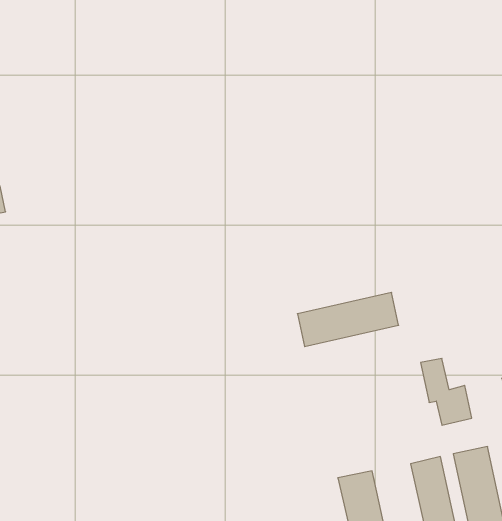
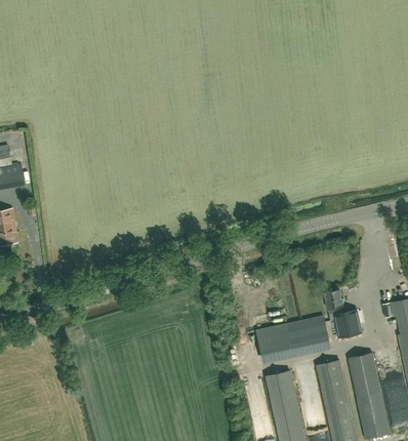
building: [297,292,399,347] -> [256,316,329,355]

